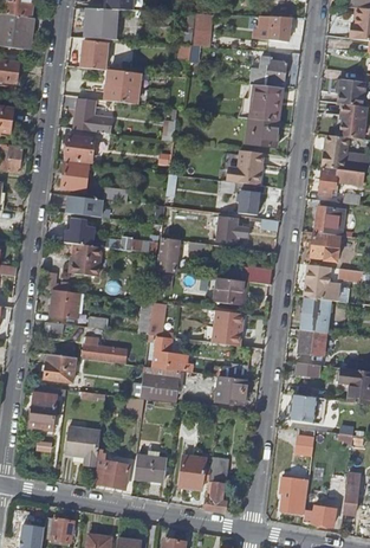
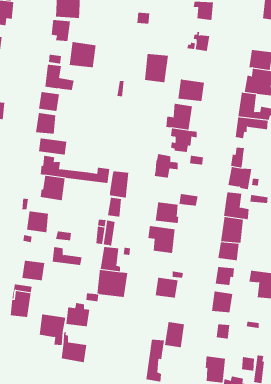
building: [254,84,286,122] -> [144,54,169,83]
building: [135,447,167,479] -> [66,302,90,327]
building: [178,454,206,489] -> [164,321,185,348]

